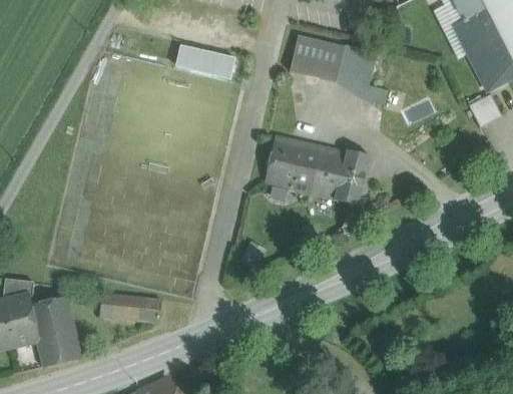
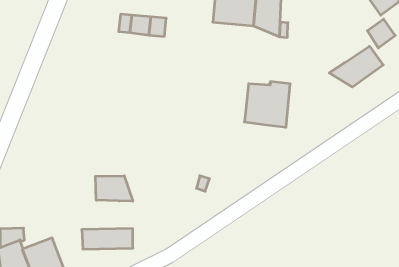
building: none -> [329,46,383,87]
building: [266,137,322,192] -> none
building: none -> [95,176,133,201]

